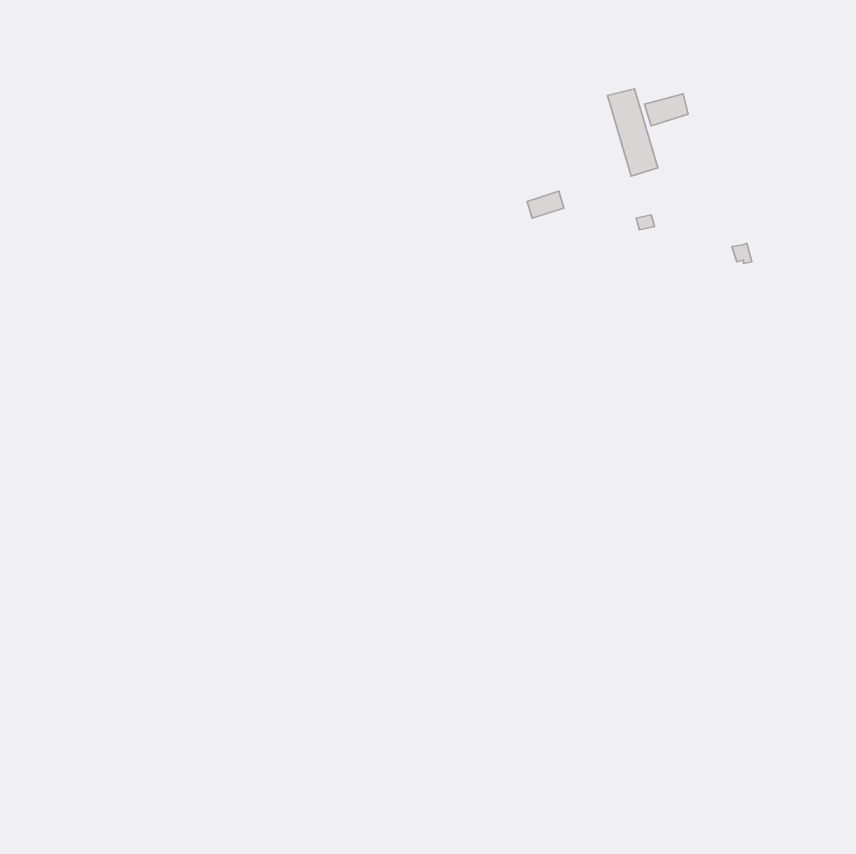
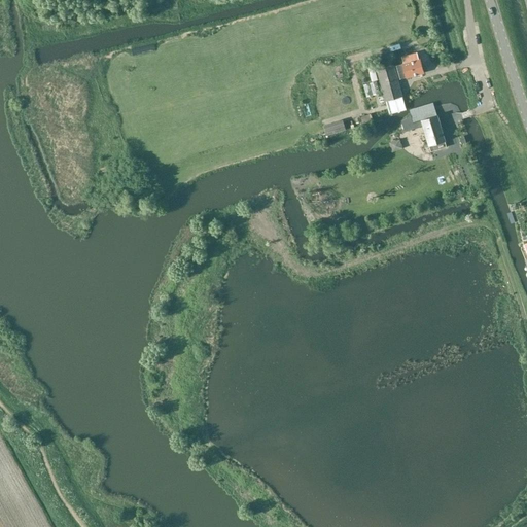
building: none -> [410,105,446,149]

